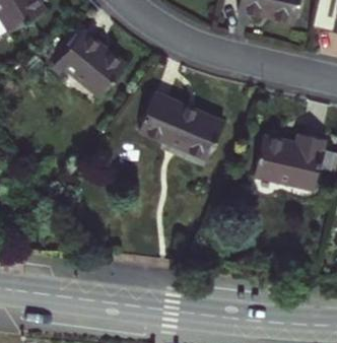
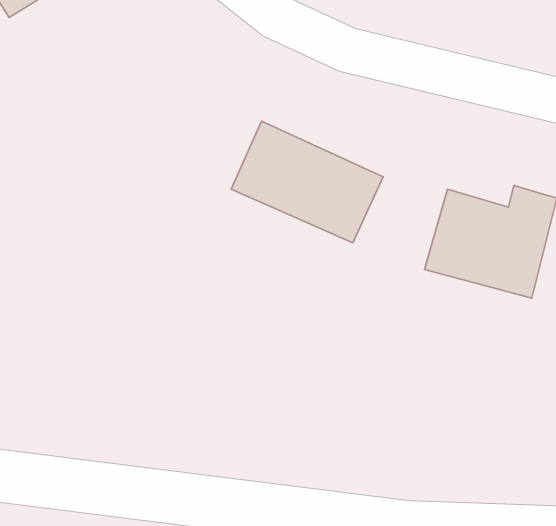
building: [51,29,124,94] -> none

